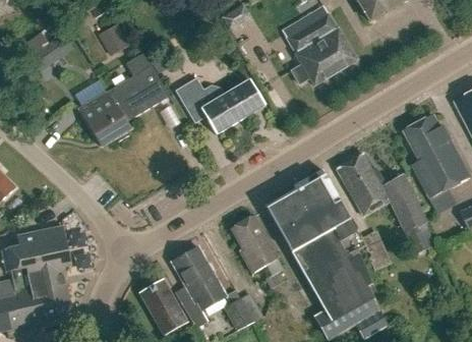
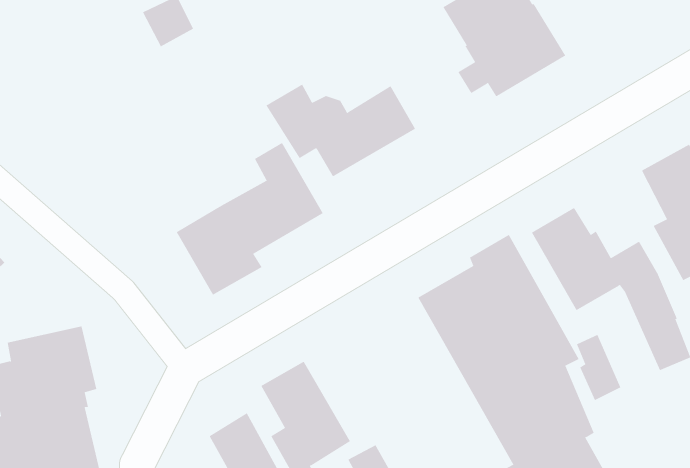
building: [31,38,63,68] -> none
building: [78,52,173,146] -> [176,142,331,296]
building: [231,215,285,288] -> none

